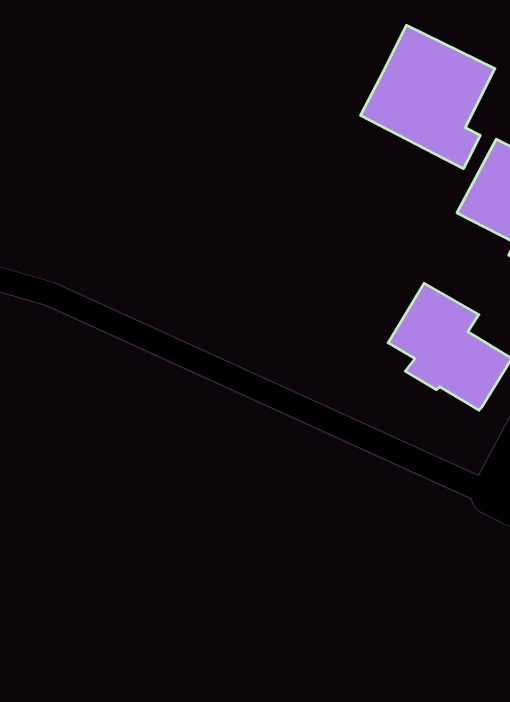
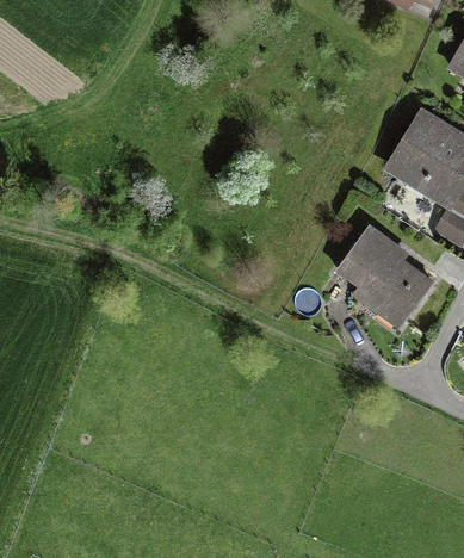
building: [361,25,495,169] -> none

